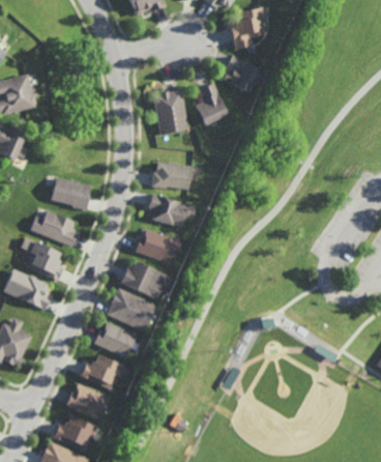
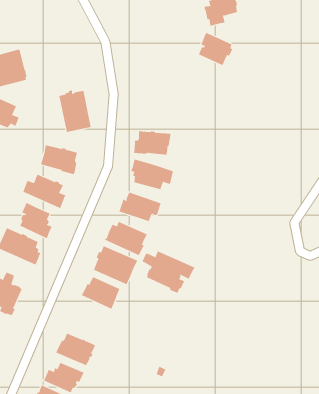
building: [195,82,227,126] -> none
building: [152,88,188,136] -> [59,89,92,133]
building: none -> [142,250,195,294]
building: [80,355,124,392] -> none

